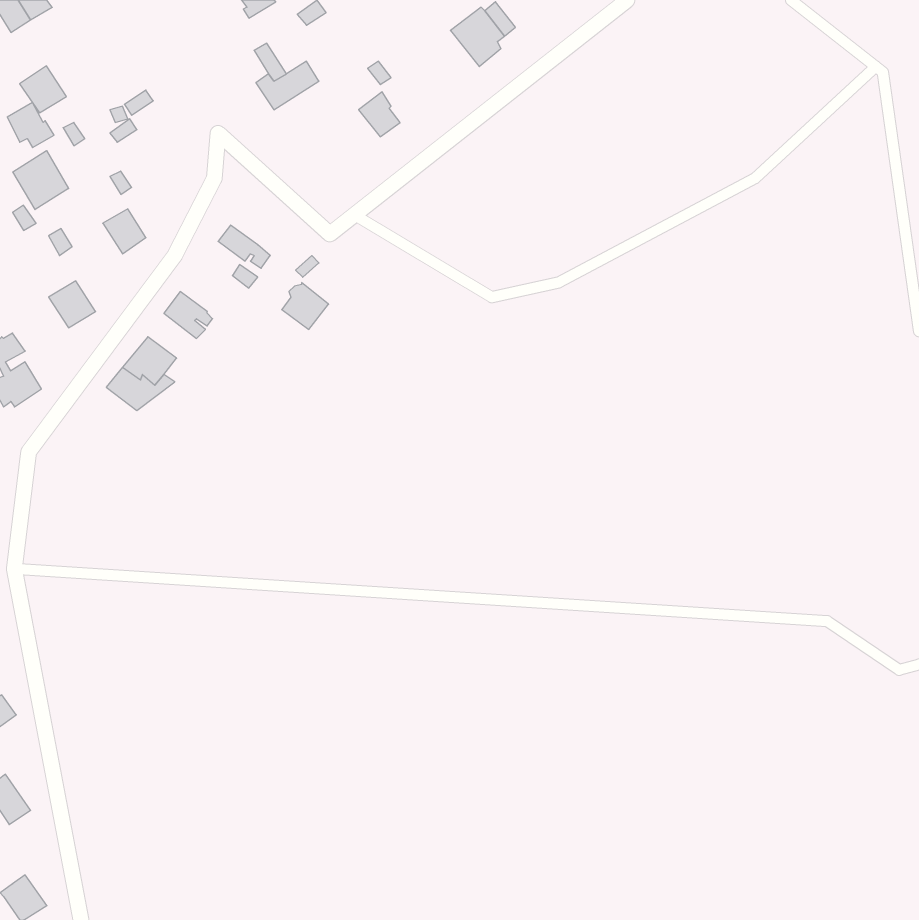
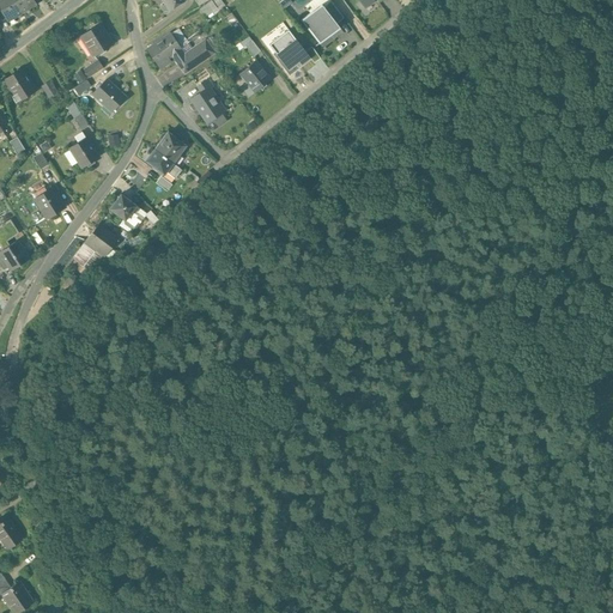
building: none -> [268,30,306,69]
building: none -> [147,34,178,66]
building: [20,66,66,113] -> [81,24,113,55]
building: none -> [91,79,125,109]
building: none -> [189,80,221,122]
building: [13,151,69,210] -> none
building: [282,283,329,329] -> [153,132,184,163]

